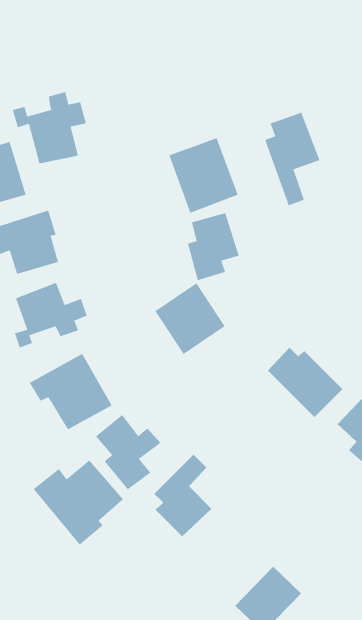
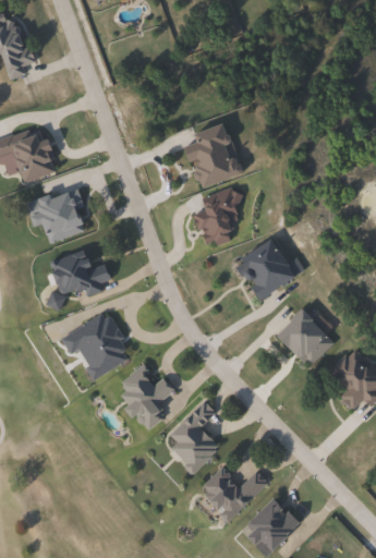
building: [12,91,87,164] -> none
building: [264,112,320,206] -> none
building: [154,283,226,355] -> [233,238,295,301]
building: [33,459,124,546] -> none
building: none -> [198,468,268,521]

